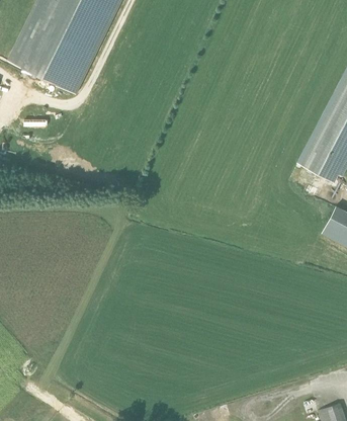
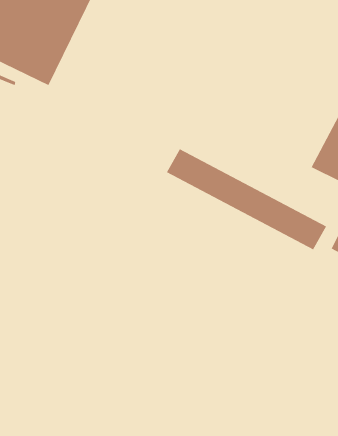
building: none -> [166,148,327,250]

